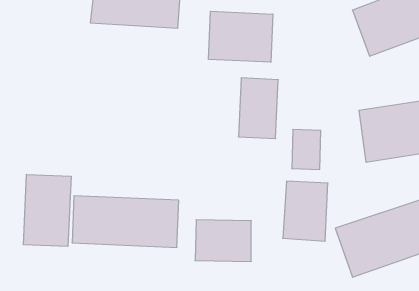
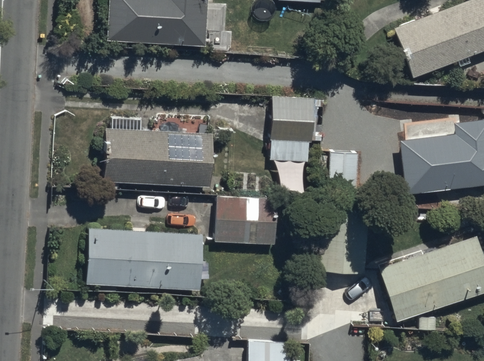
building: [209,11,273,62] -> none
building: none -> [105,126,213,184]
building: [23,174,71,246] -> none
building: [195,220,251,261] -> [215,203,277,249]

